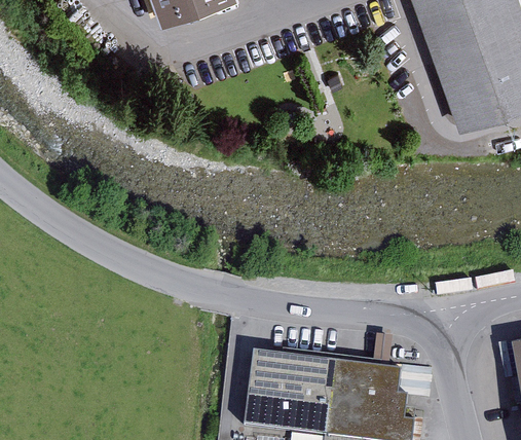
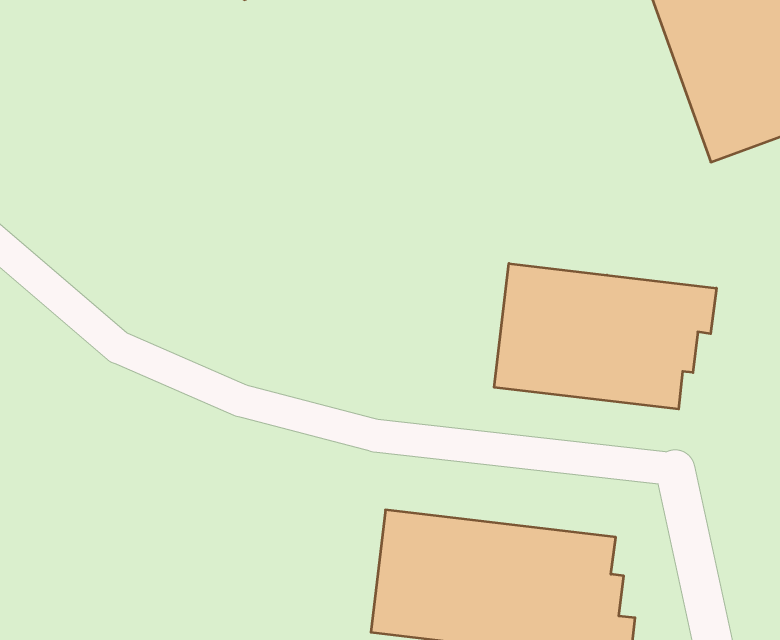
building: none -> [494,263,716,409]

